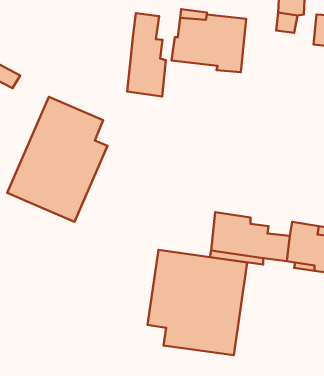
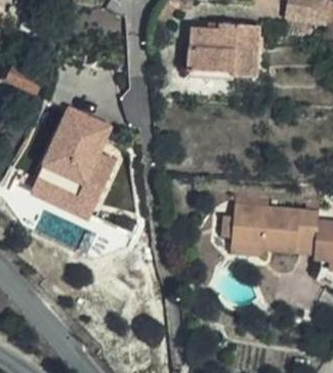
building: [127,13,166,96] -> none
building: [148,250,247,355] -> none

